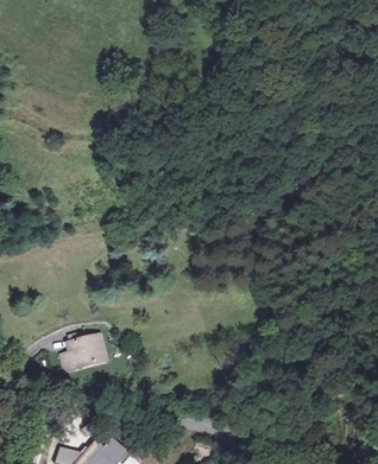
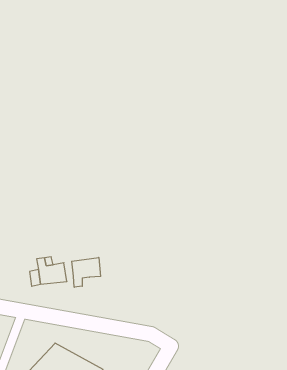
building: none -> [72,257,101,287]

